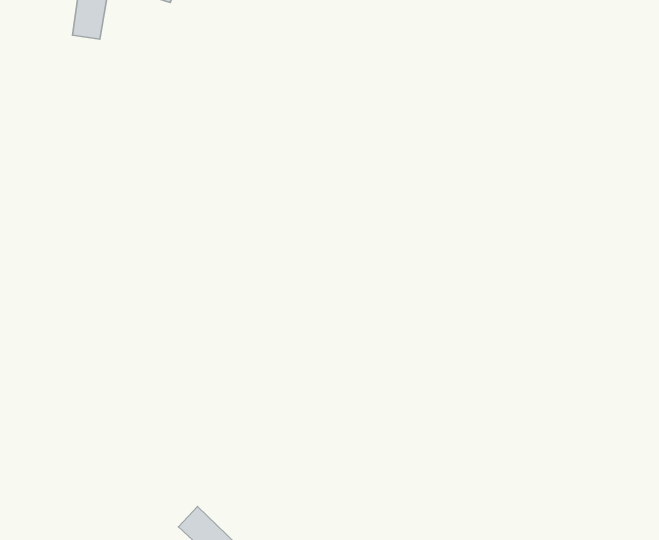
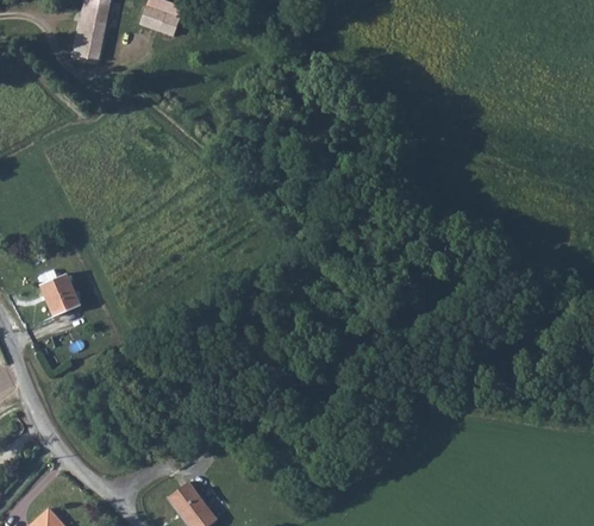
building: none -> [44,273,85,315]

